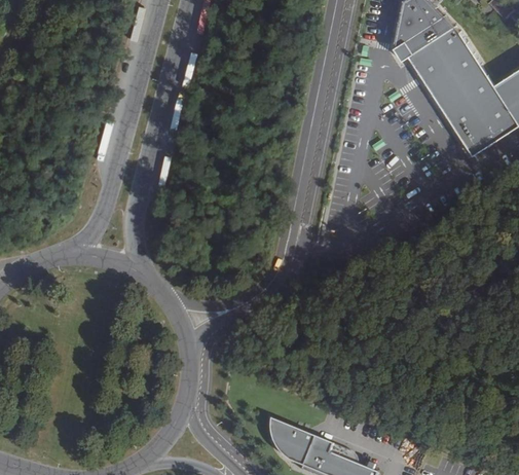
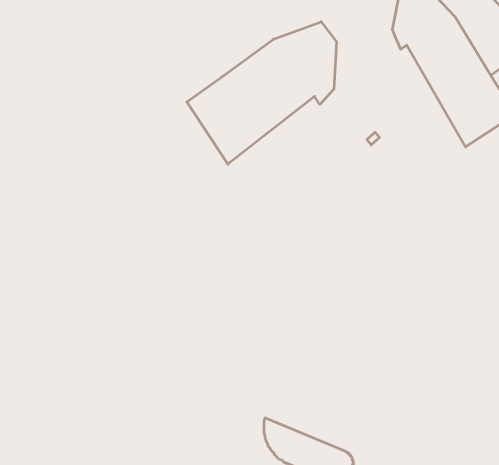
building: none -> [187,22,337,164]

